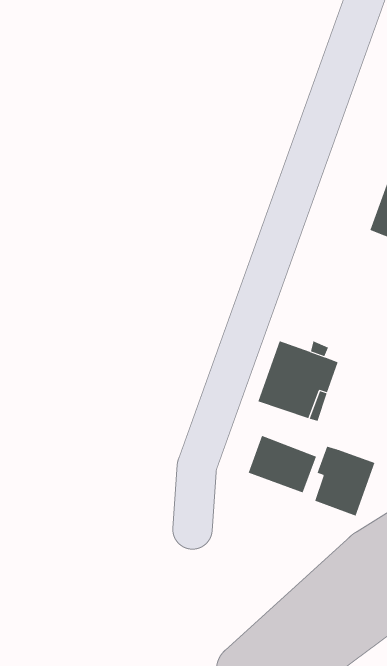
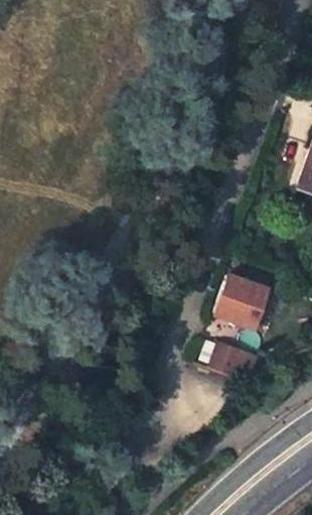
building: [315,446,375,517] -> none

